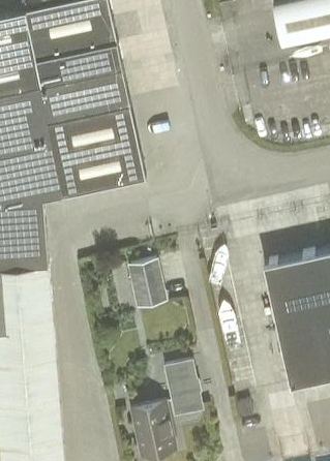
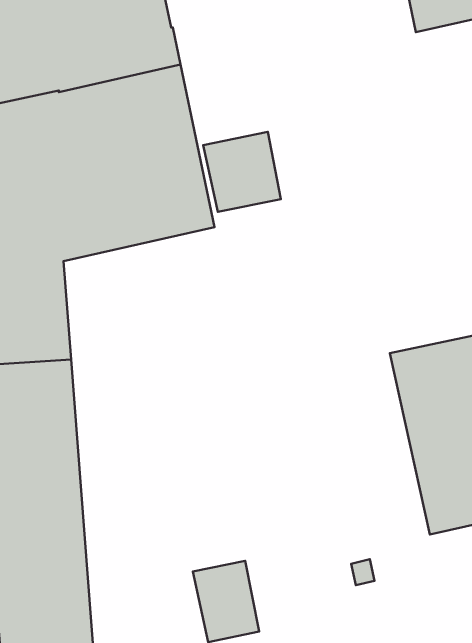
building: none -> [203,132,281,212]
building: [131,263,164,308] -> none
building: [166,362,202,410] -> none

